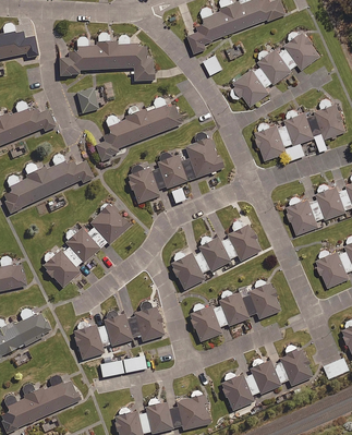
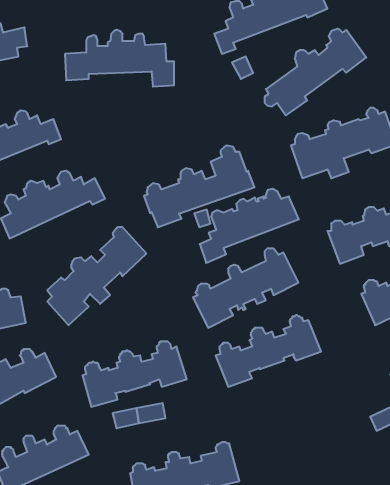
building: [77,88,107,112] -> none
building: [96,97,182,161] -> [200,189,299,263]
building: [221,343,312,410] -> none

